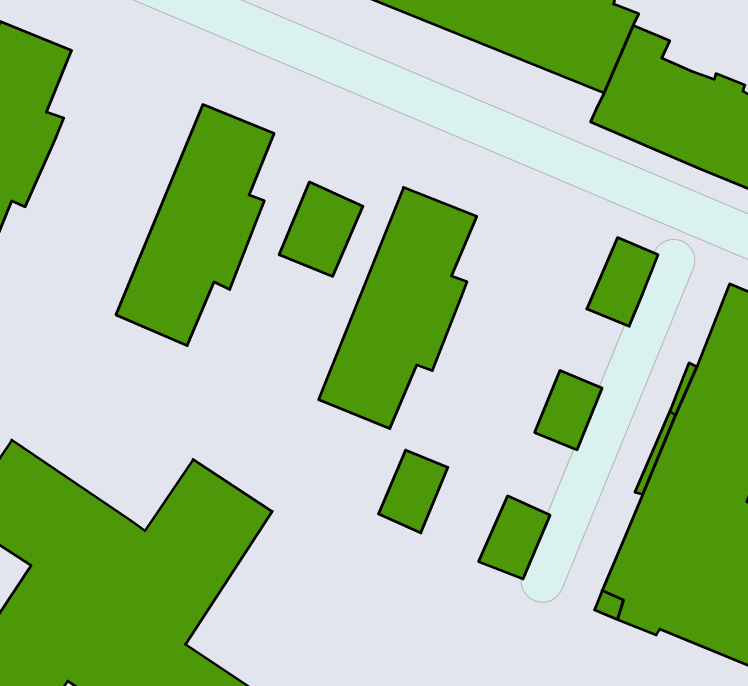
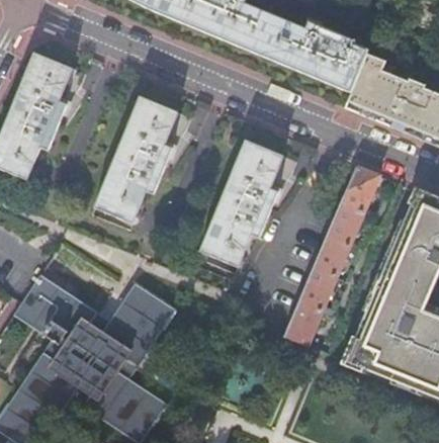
building: [279,182,363,276] -> none
building: none -> [327,204,363,246]
building: [378,450,448,533] -> [299,269,336,313]

